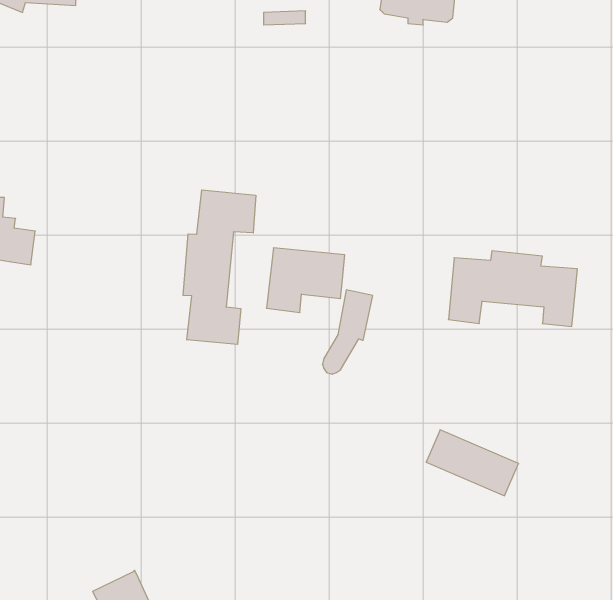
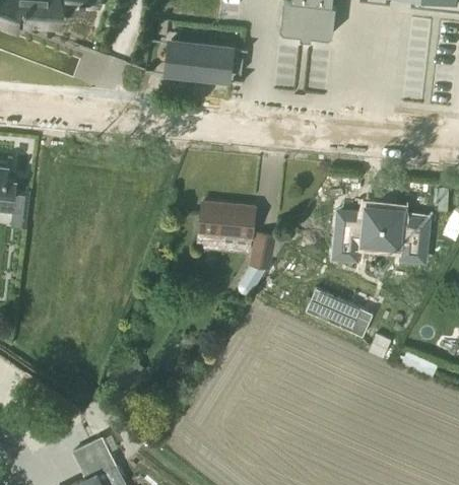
building: none -> [168,41,238,83]
building: [183,190,256,344] -> none
building: [426,430,519,496] -> [312,283,379,331]

